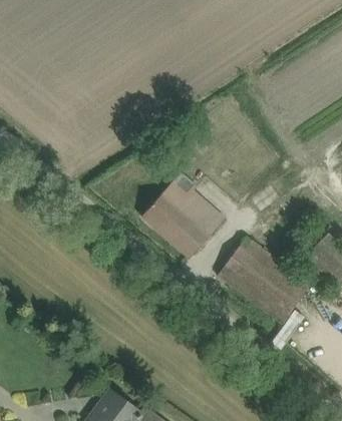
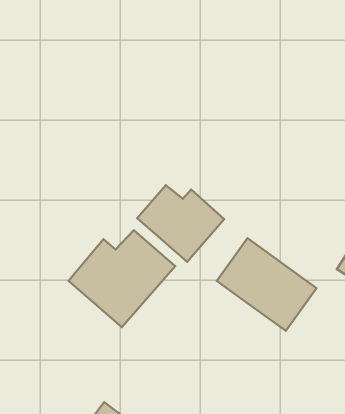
building: none -> [68,230,175,327]

